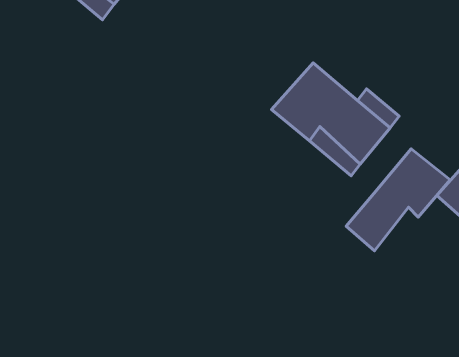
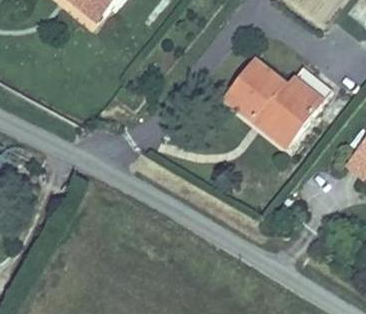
building: [346,149,450,251] -> none

